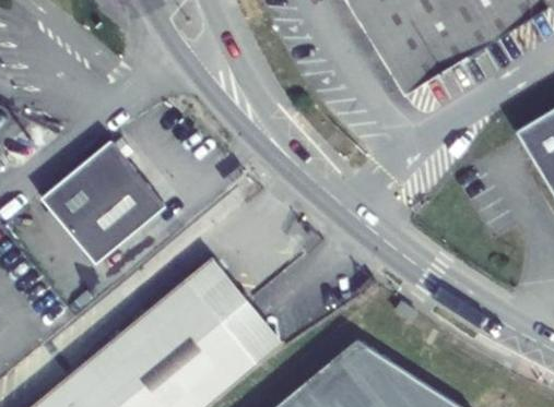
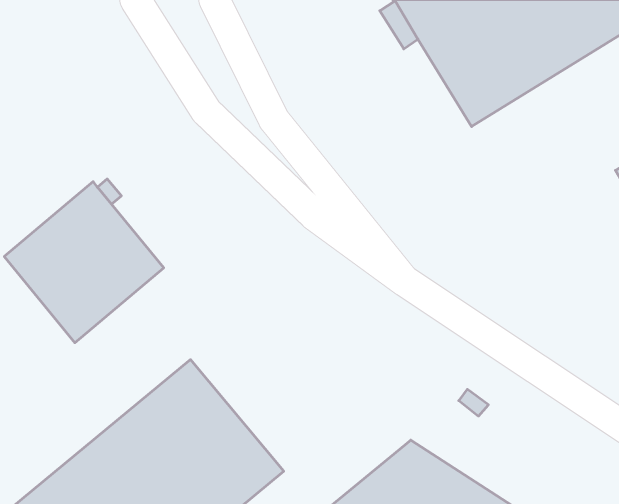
building: [187,258,284,364] -> none

